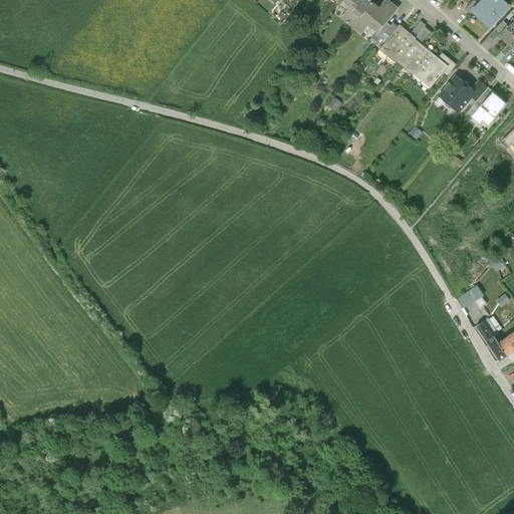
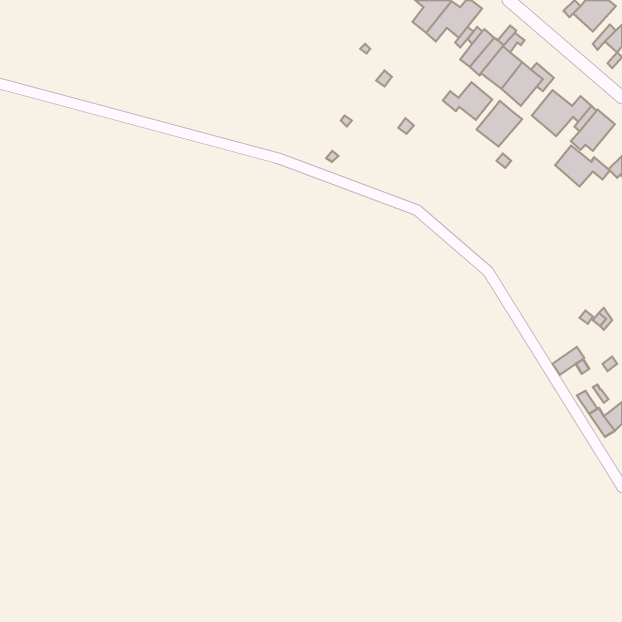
building: none -> [443,82,492,120]
building: none -> [476,101,522,147]
building: none -> [555,146,610,186]

